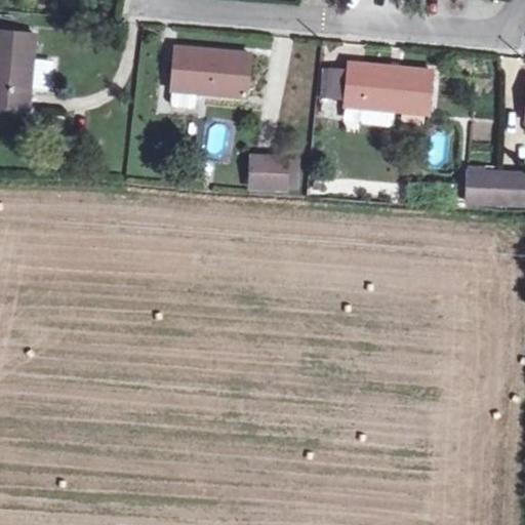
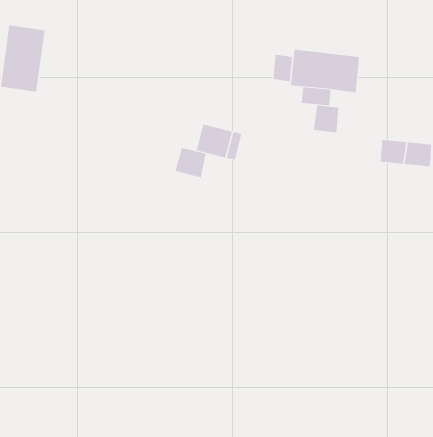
building: [166,44,248,107] -> none
building: none -> [313,105,339,133]
building: none -> [175,147,206,178]

